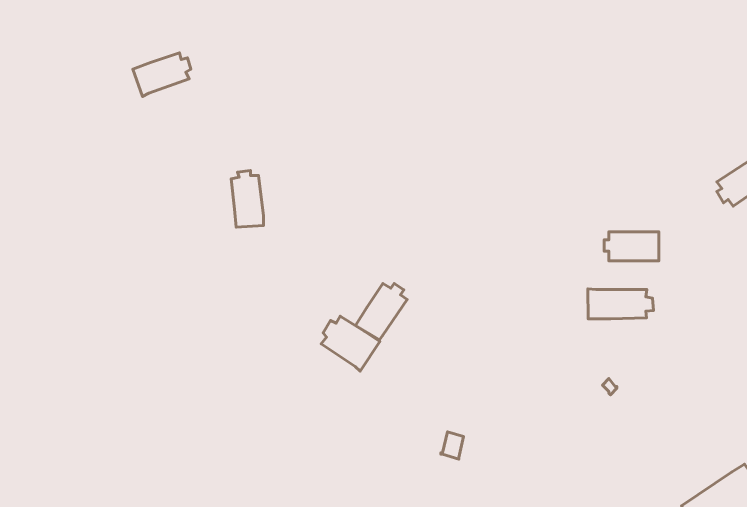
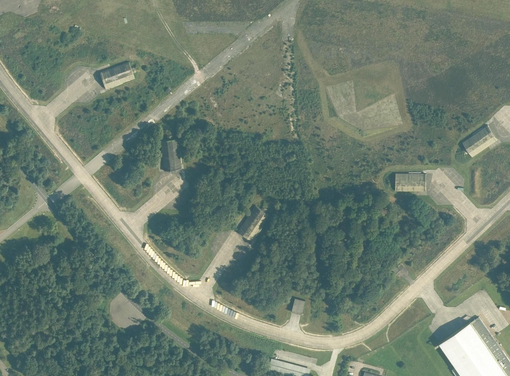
building: [588,289,654,319] -> none
building: [321,316,380,371] -> none

